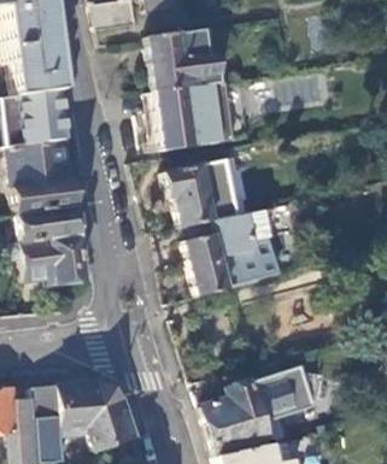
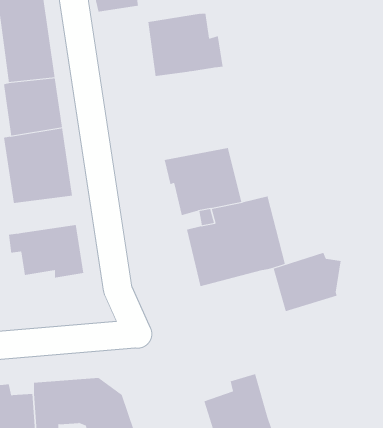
building: [156,82,222,147] -> none
building: [18,206,80,242] -> none
building: [253,363,319,421] -> [273,252,341,312]

